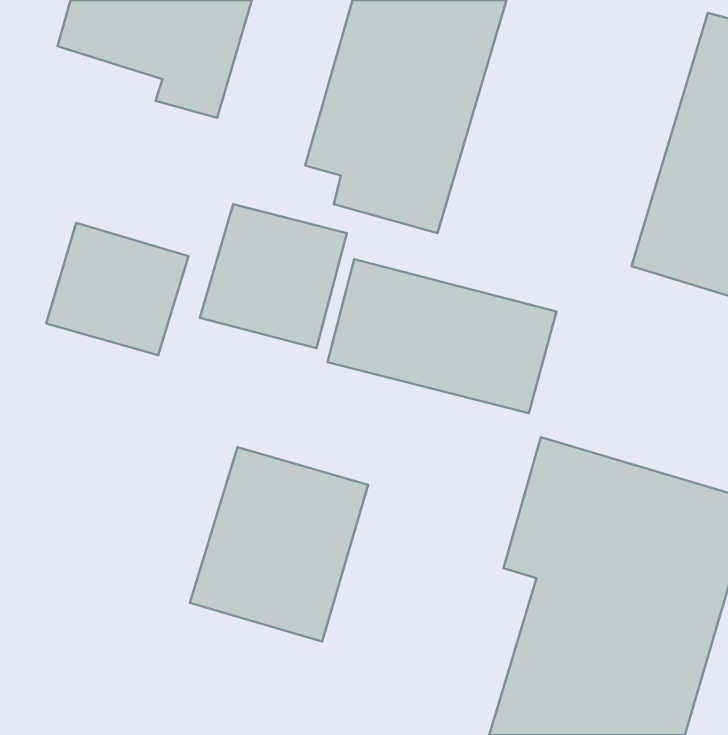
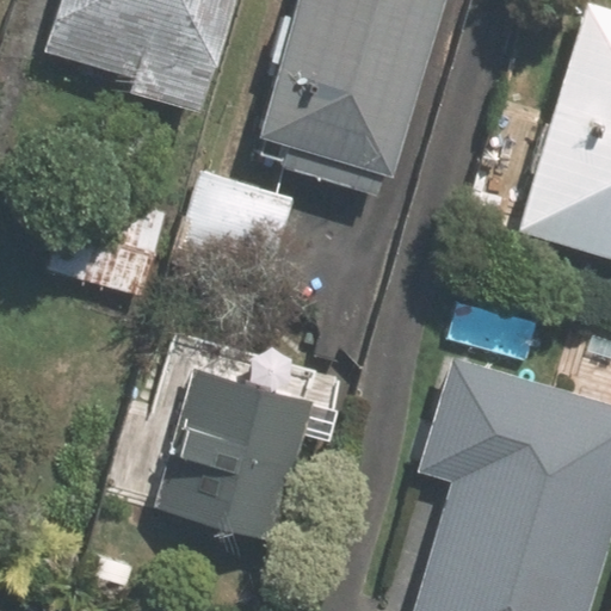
building: [328,259,556,413] -> none

